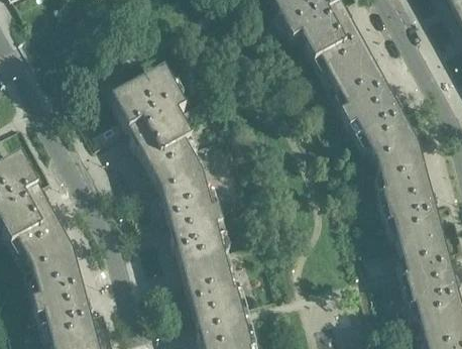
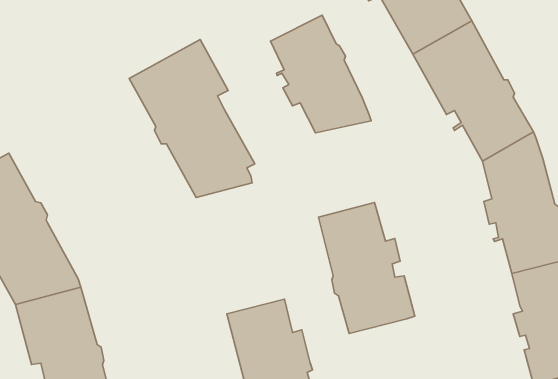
building: none -> [270,15,371,133]
building: [159,172,232,271] -> [318,202,415,333]

